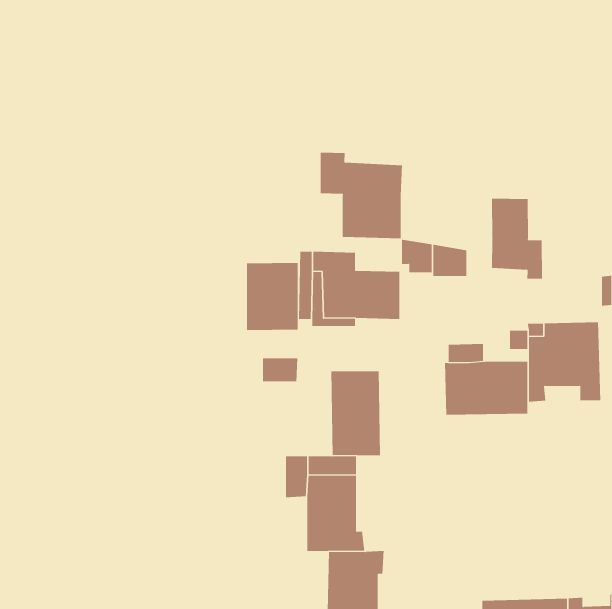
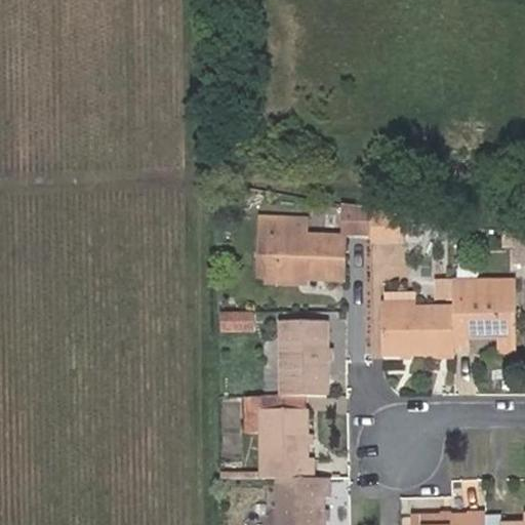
building: [320,152,402,239] -> none
building: [491,198,543,280] -> none
building: [246,262,298,331] -> none

